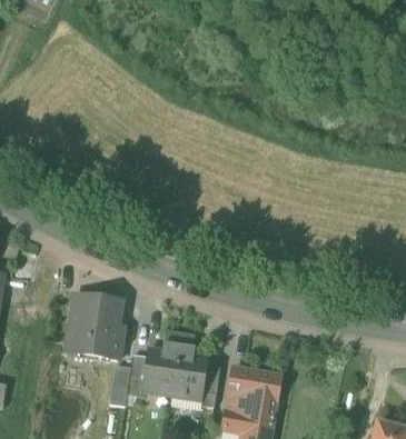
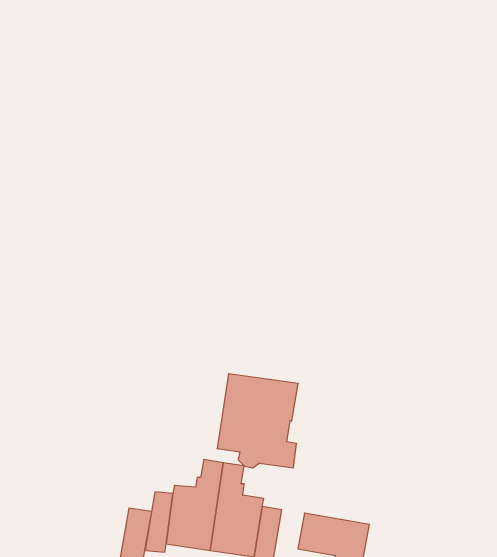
building: [67,293,122,358] -> [217,374,298,468]

